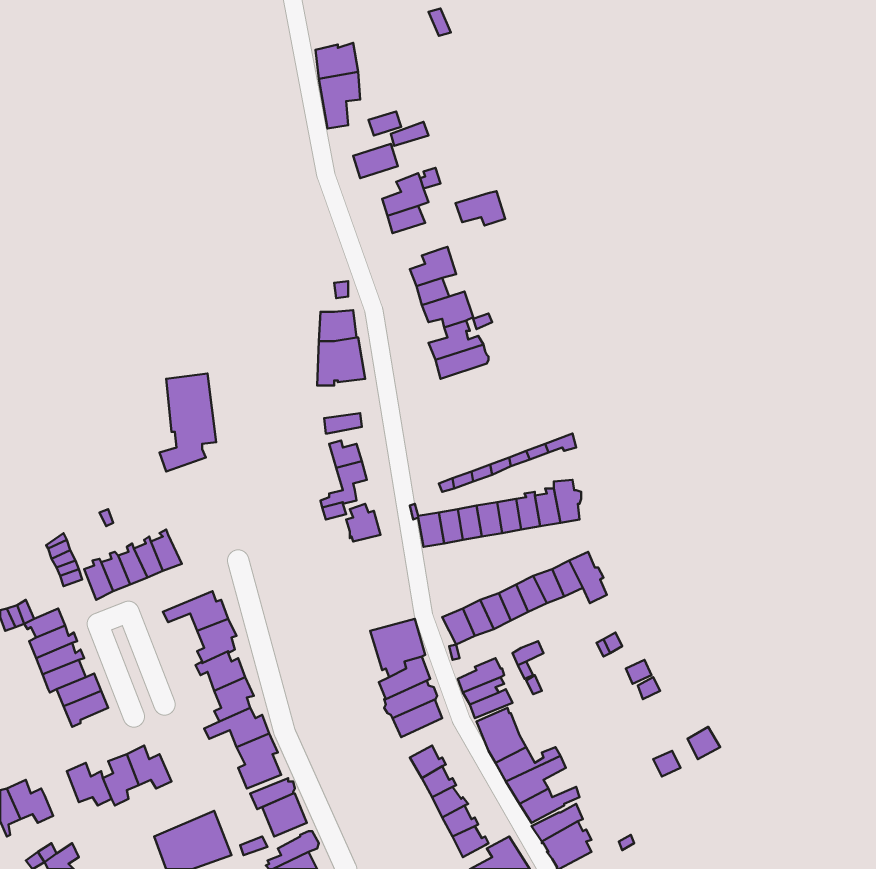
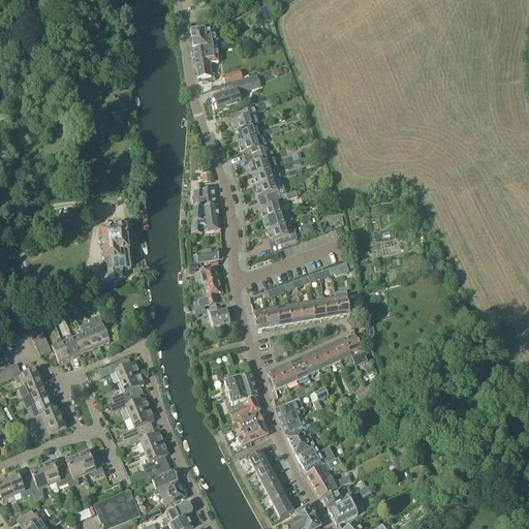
building: [455,191,505,226] -> [237,133,267,154]
building: none -> [266,219,299,241]
building: none -> [27,465,48,501]

